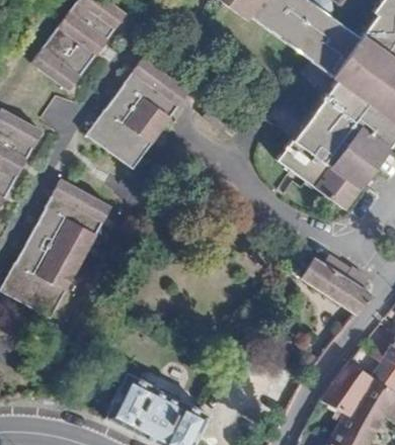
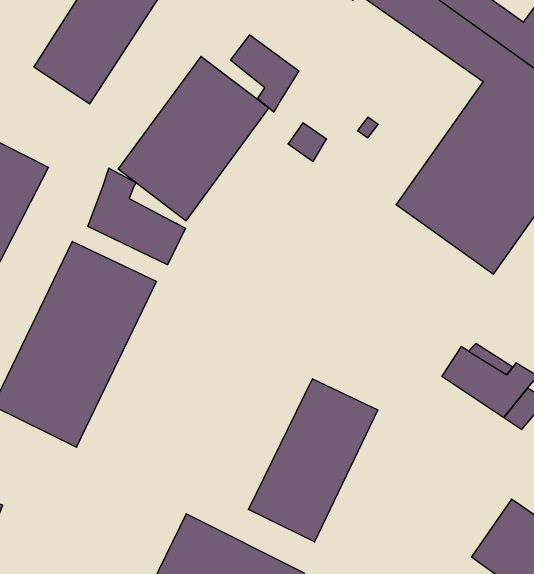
building: none -> [231,35,299,112]
building: none -> [88,168,186,265]
building: none -> [249,379,378,542]

